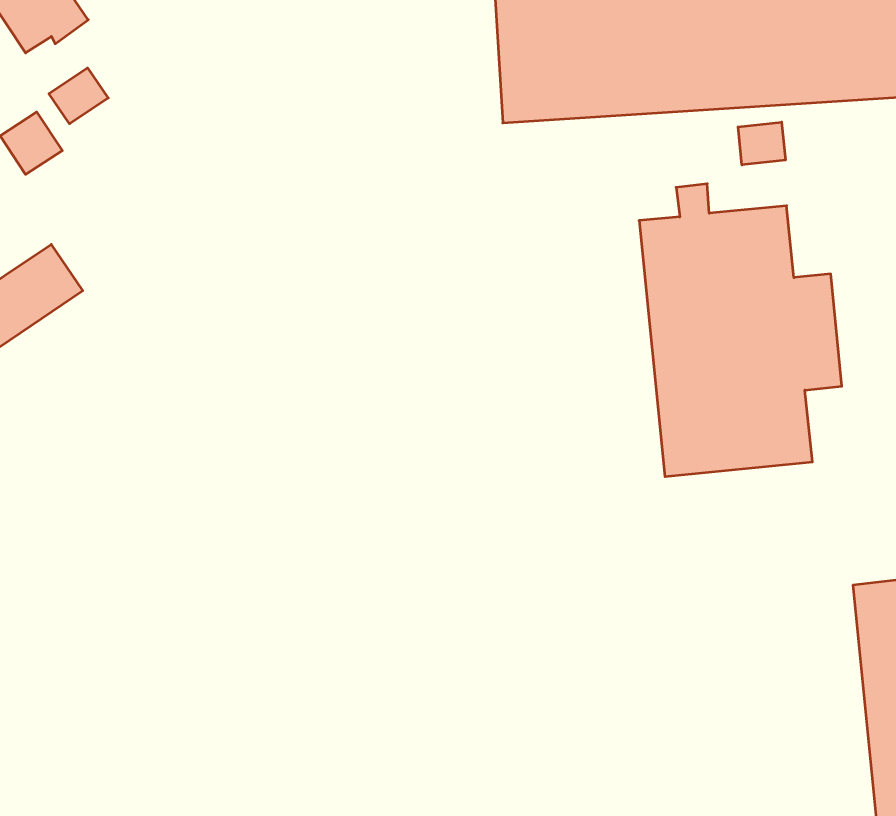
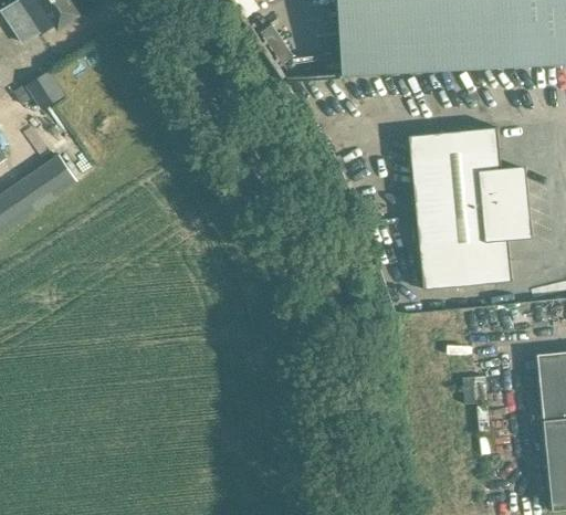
building: [49,68,108,124] -> none
building: [738,122,785,165] -> none

